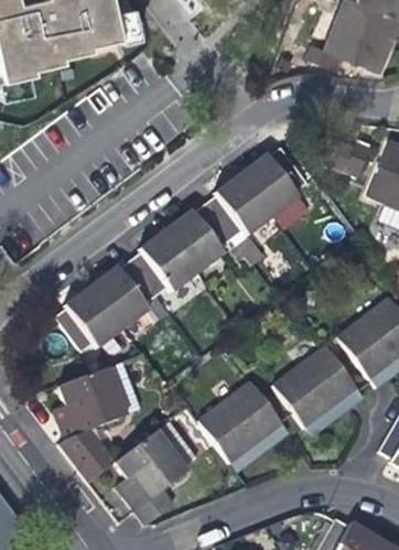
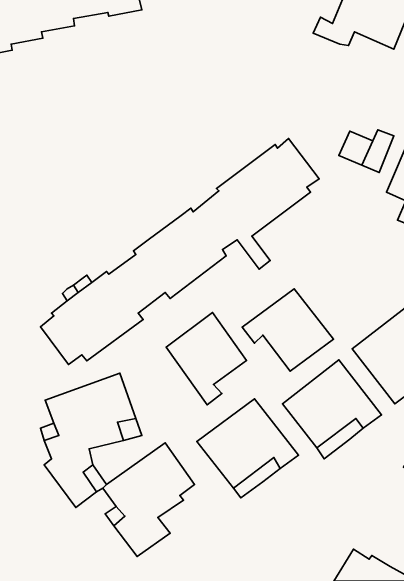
building: none -> [242,289,334,371]
building: none -> [166,312,246,405]

